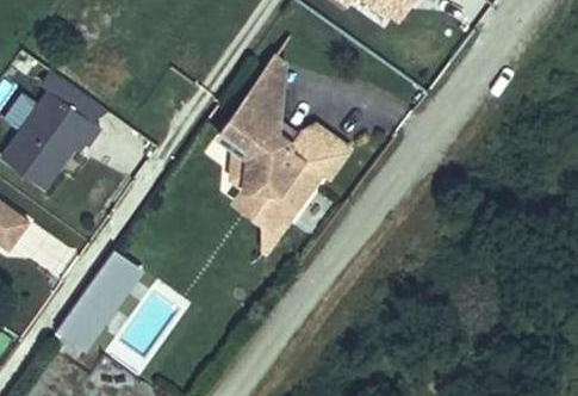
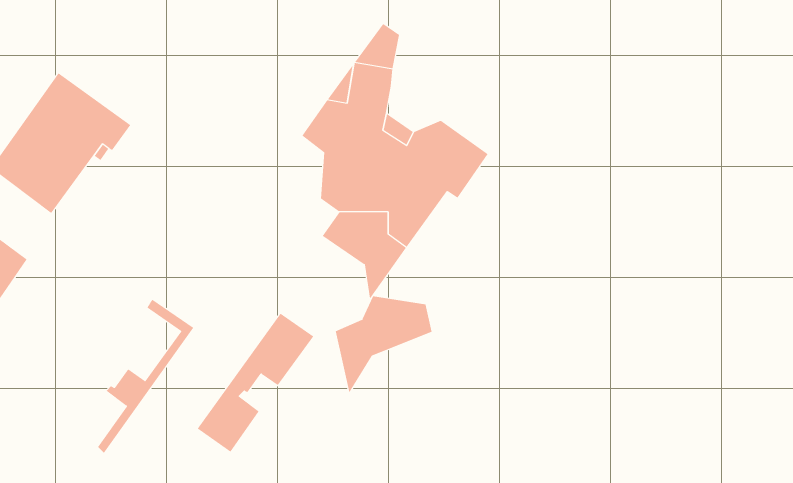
building: none -> [335,296,432,394]
building: [52,255,135,353] -> [197,313,314,452]

